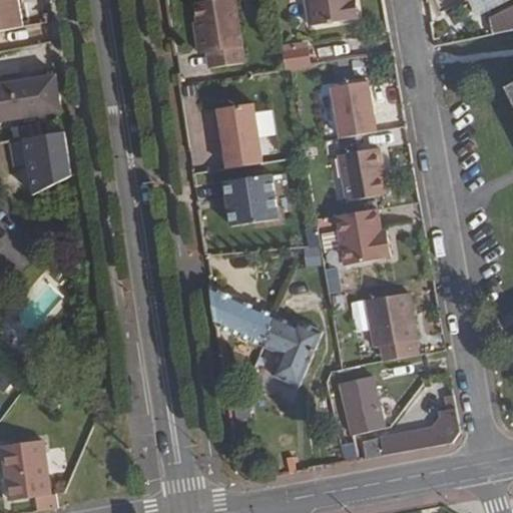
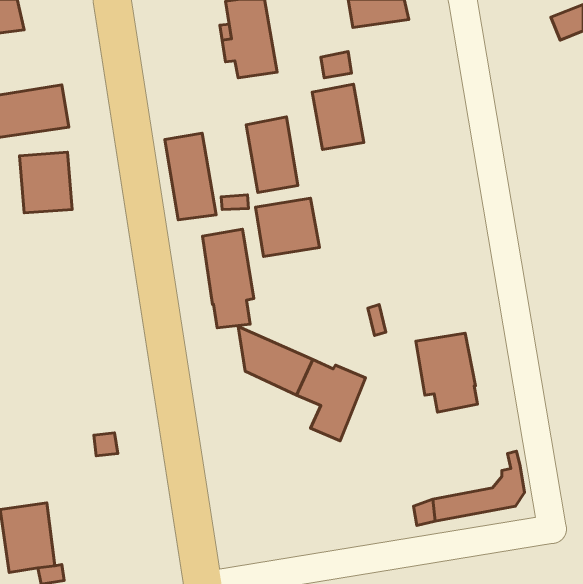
building: [330,79,375,136] -> [312,84,364,149]
building: none -> [165,133,216,220]
building: [337,145,386,199] -> none
building: none -> [203,229,254,328]
building: [334,206,390,264] -> none
building: [339,376,384,436] -> none

